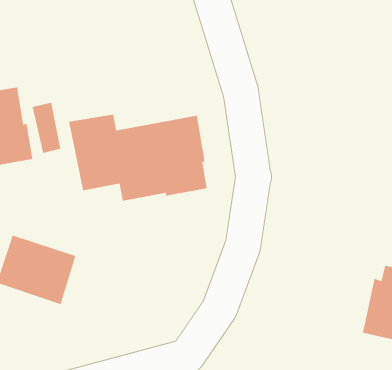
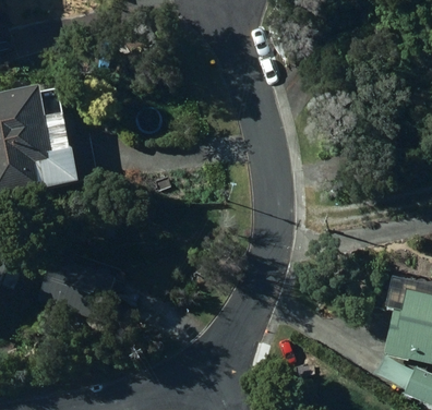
building: [69,114,207,201] -> none

